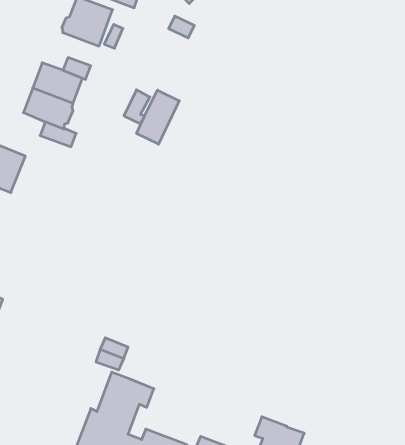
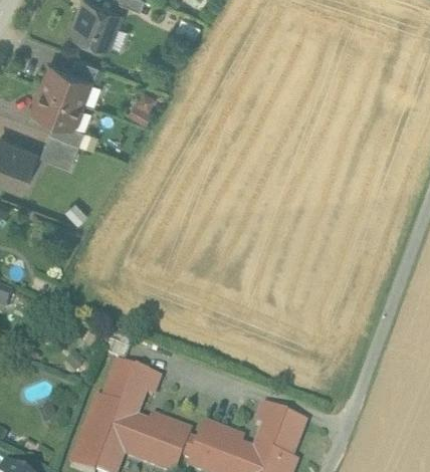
building: [137,90,179,144] -> none
building: none -> [39,133,78,167]

